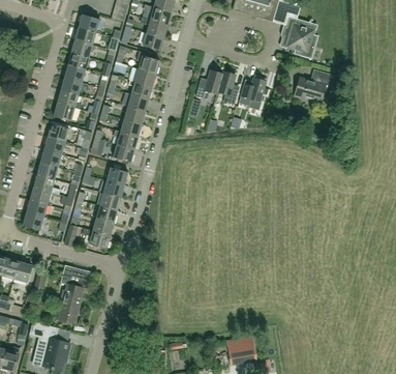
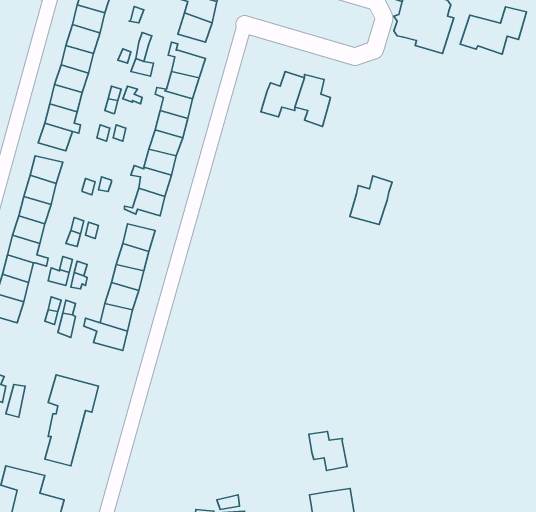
building: [293,73,335,103] -> [460,7,527,54]
building: [238,78,265,109] -> [350,176,392,225]
building: none -> [309,432,347,470]

